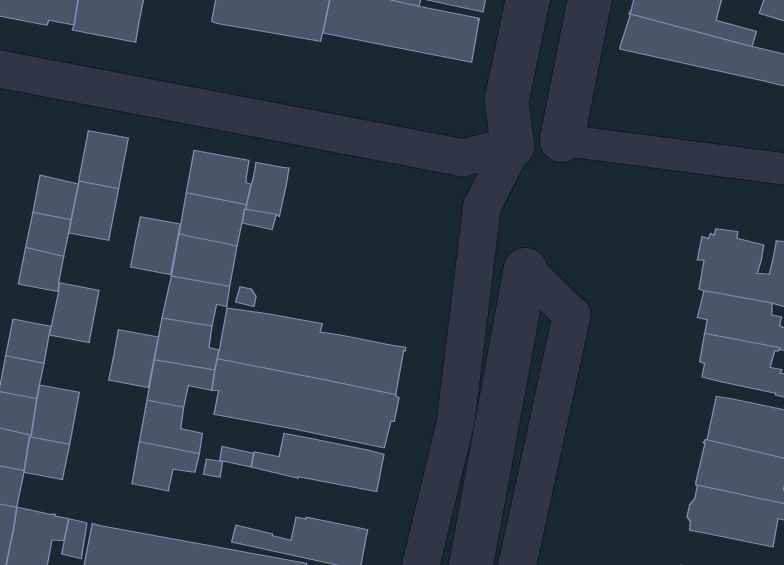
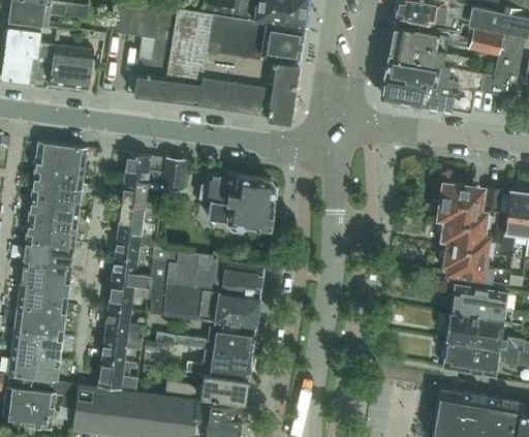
building: none -> [134,75,294,117]
building: none -> [381,76,474,114]
building: none -> [35,143,63,179]
building: none -> [199,174,275,233]
building: [131,217,181,274] -> [51,209,80,243]
building: none -> [24,242,51,267]
building: [108,330,158,387] -> [42,272,71,306]
building: none -> [33,356,60,381]
building: none -> [186,349,253,379]
building: none -> [98,360,137,392]

